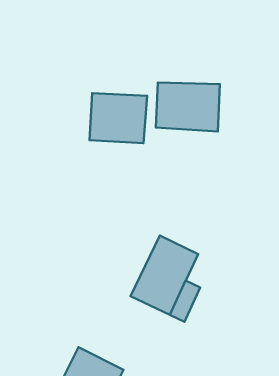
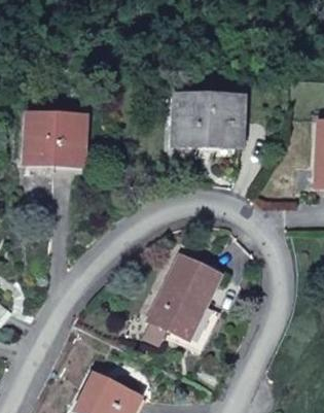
building: [89,93,147,143] -> [25,113,85,166]

